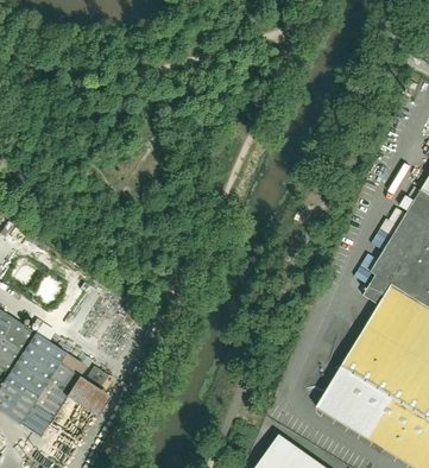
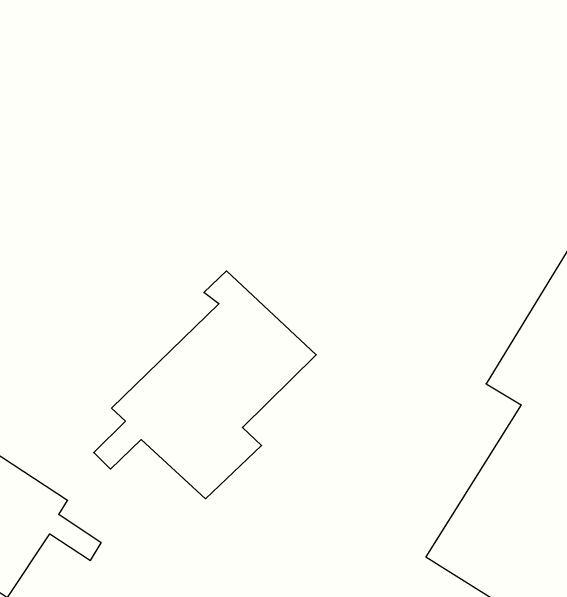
building: none -> [94,271,316,499]

